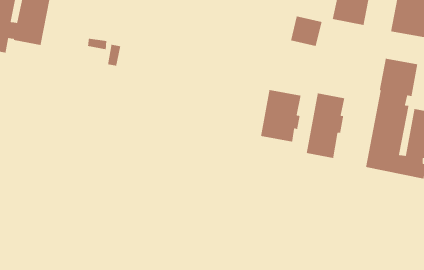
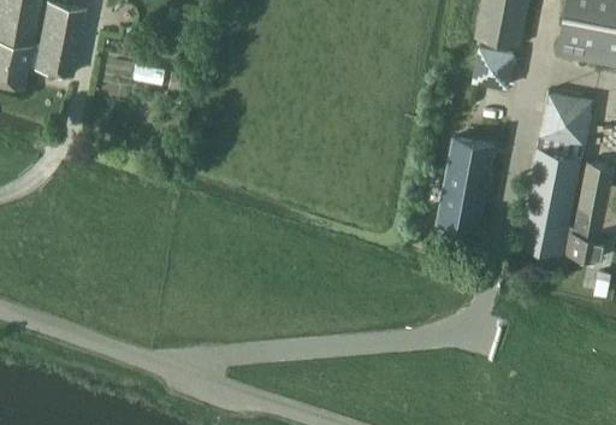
building: [290,16,322,47] -> [473,43,517,87]
building: [260,89,302,143] -> none

